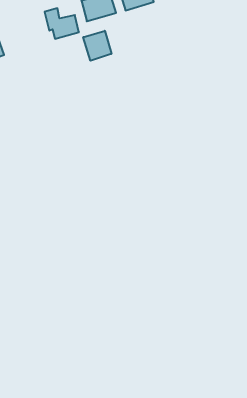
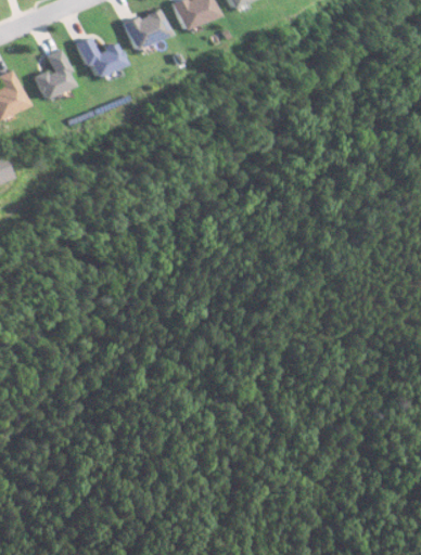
building: none -> [36,49,76,99]
building: [83,31,111,61] -> none

